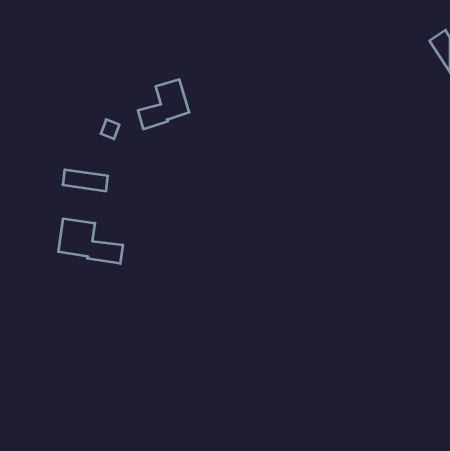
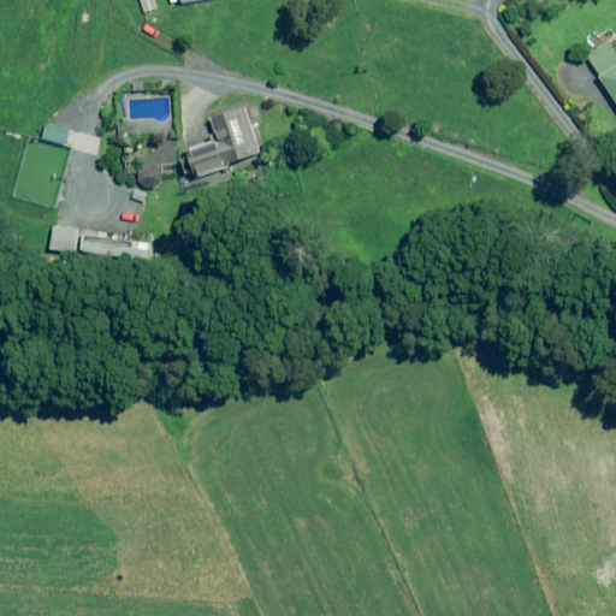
building: none -> [49,225,78,251]
building: [58,219,123,264] -> none

